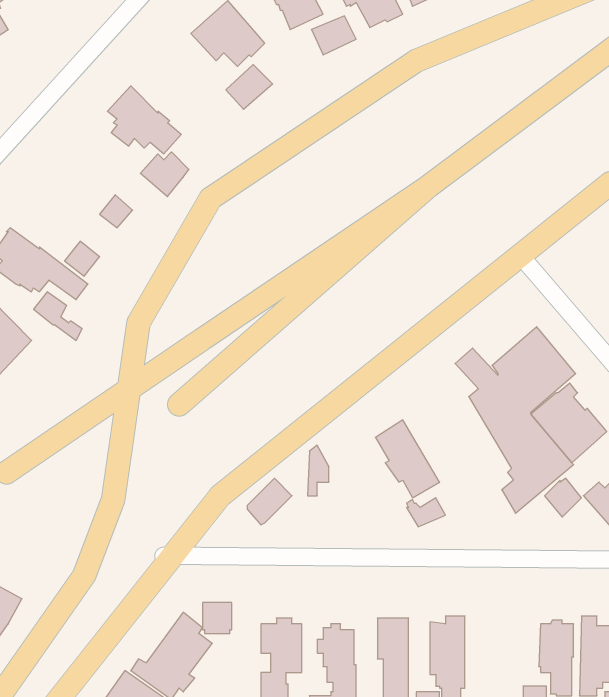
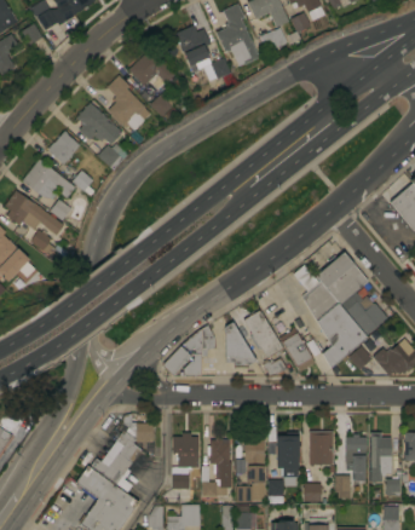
building: none -> [106,75,145,131]
building: none -> [47,131,80,165]
building: none -> [22,159,75,201]
building: none -> [225,323,255,364]
building: none -> [279,328,315,371]
building: none -> [179,329,202,376]
building: none -> [309,432,333,465]

